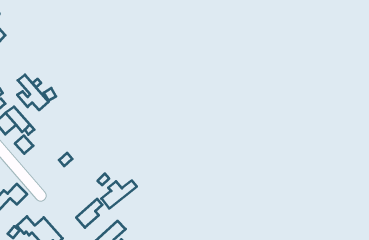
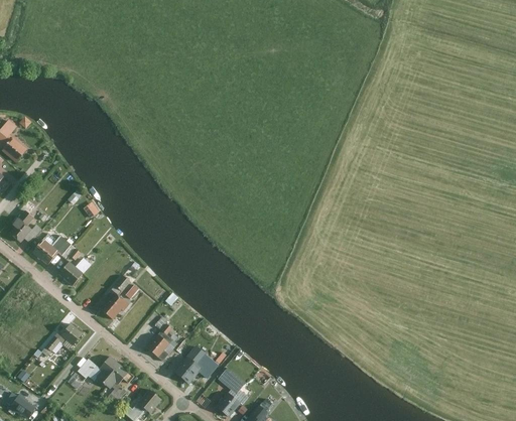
building: [17,75,49,110] -> none
building: [101,181,137,208] -> [100,283,139,320]

